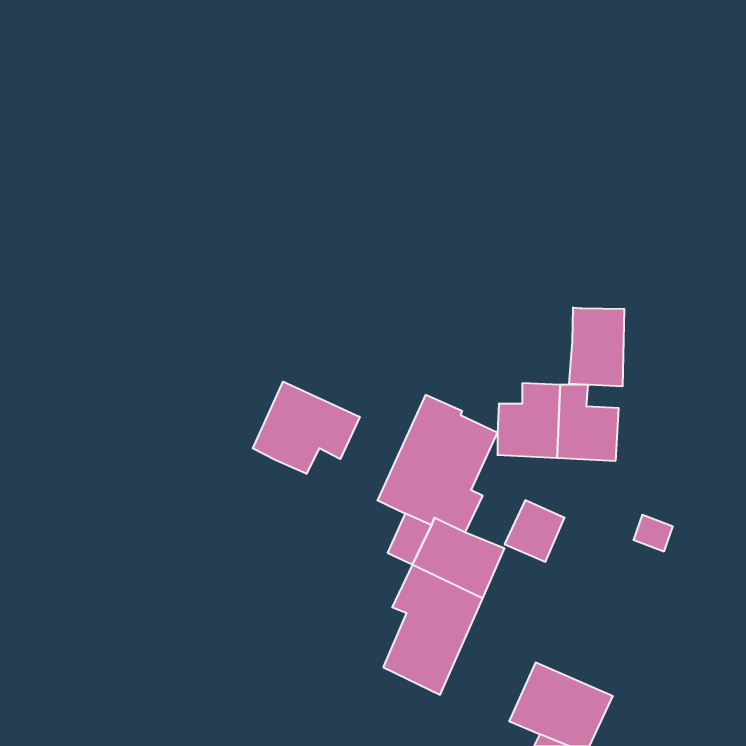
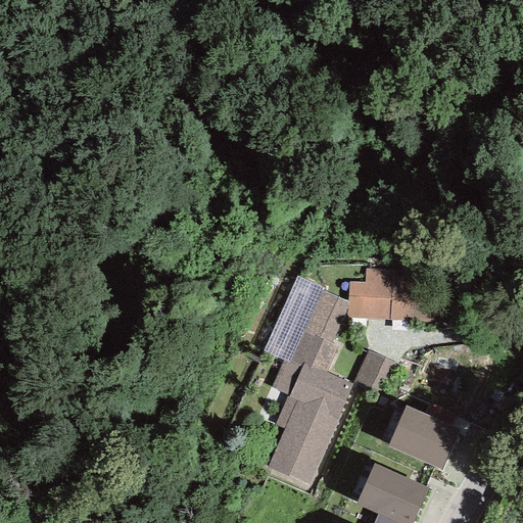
building: [569,307,624,386] -> none
building: [253,382,360,474] -> none
building: none -> [388,406,460,470]

